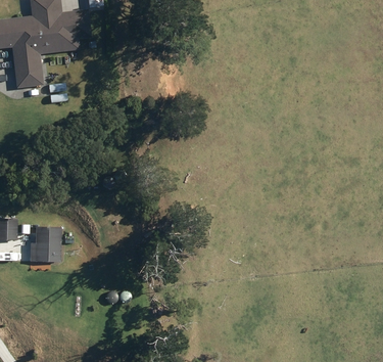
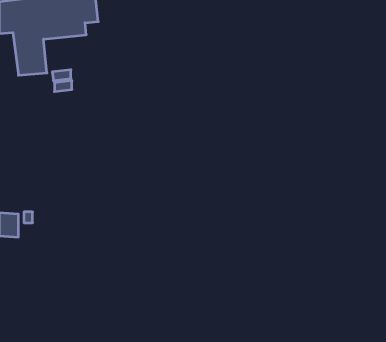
building: [30,226,61,261] -> none

